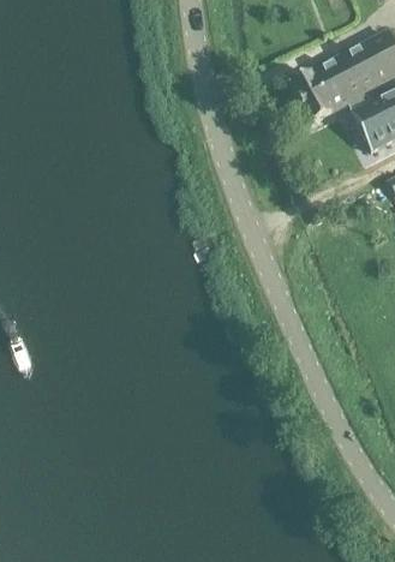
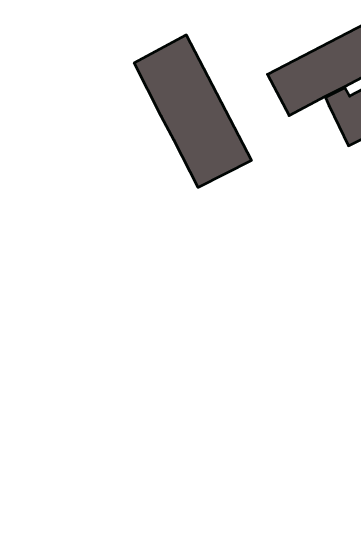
building: none -> [134,35,251,187]

